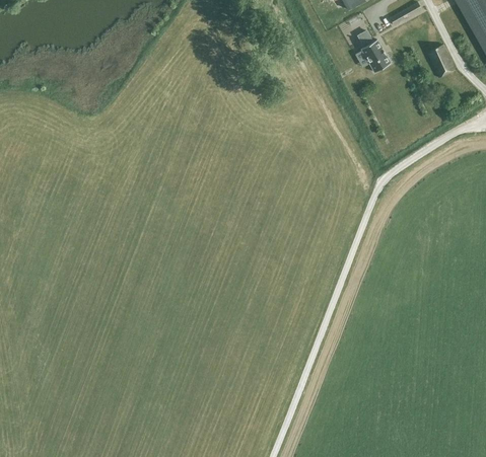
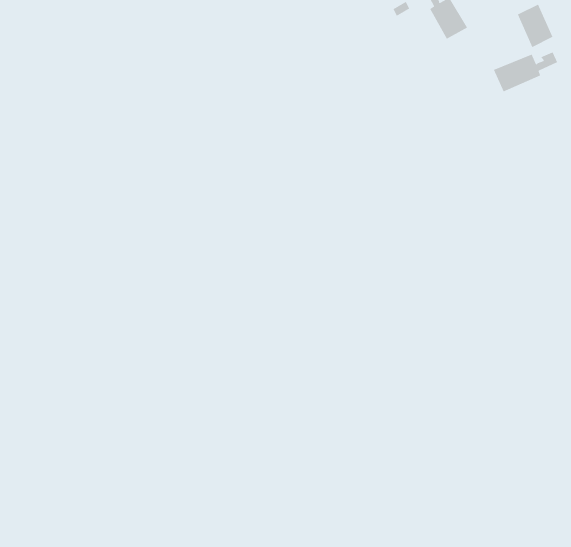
building: none -> [493,51,559,93]

